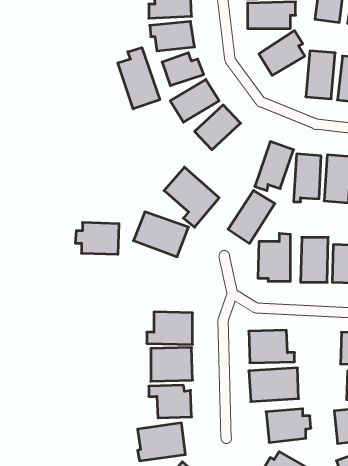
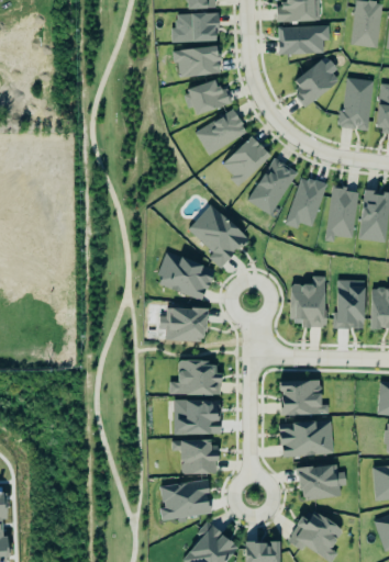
building: [118,48,160,109] -> none
building: [228,190,275,243] -> [247,158,298,215]
building: [75,223,119,254] -> [158,306,205,340]

